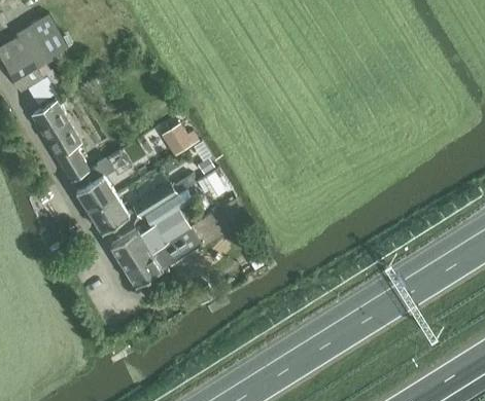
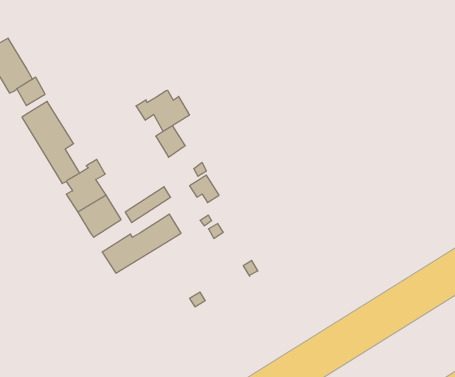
building: [16,15,66,68] -> none
building: none -> [136,90,189,131]
building: [124,218,215,287] -> none

